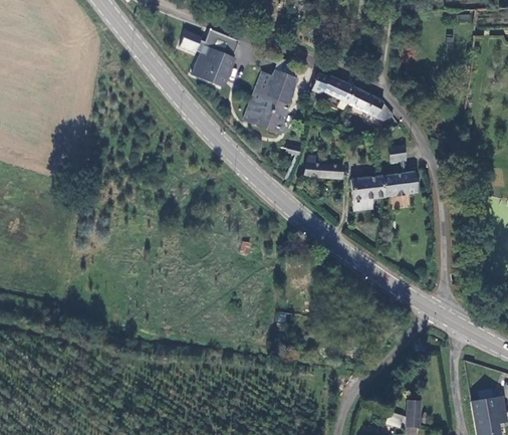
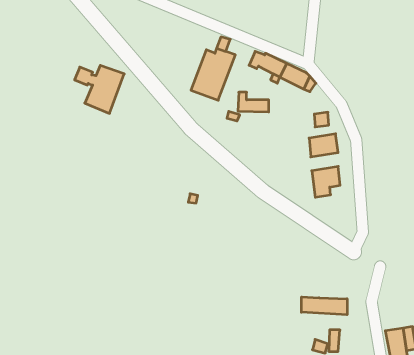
building: [181,31,239,87] -> [75,65,124,113]
building: [306,155,342,178] -> [238,92,269,112]
building: [351,175,385,211] -> [312,166,340,197]
building: none -> [301,297,347,315]

